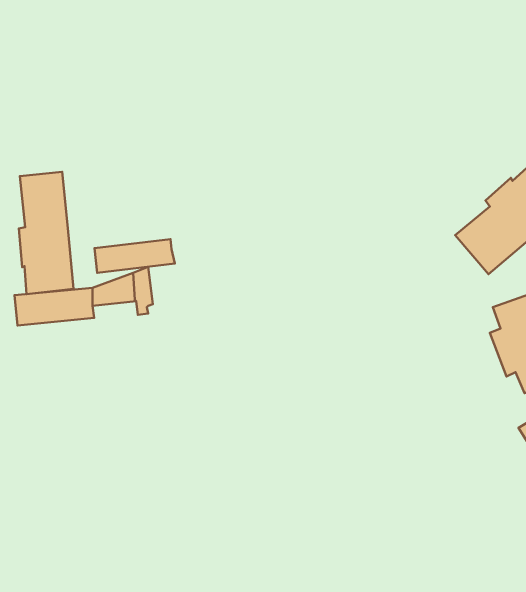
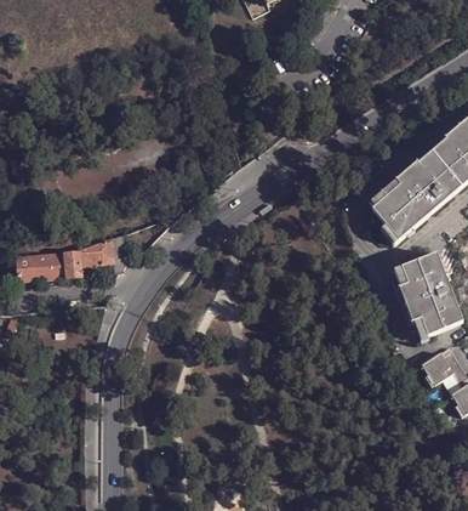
building: [19,172,73,294] -> none
building: [94,239,175,273] -> none

